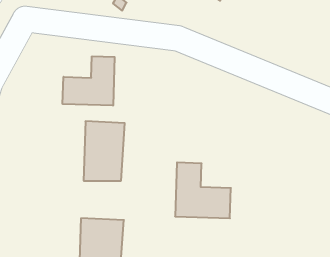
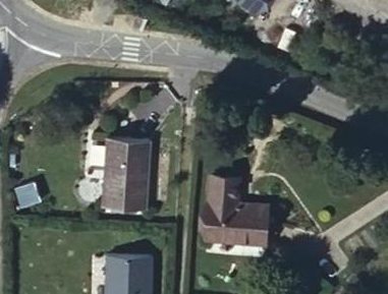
building: [63,56,115,106] -> none

